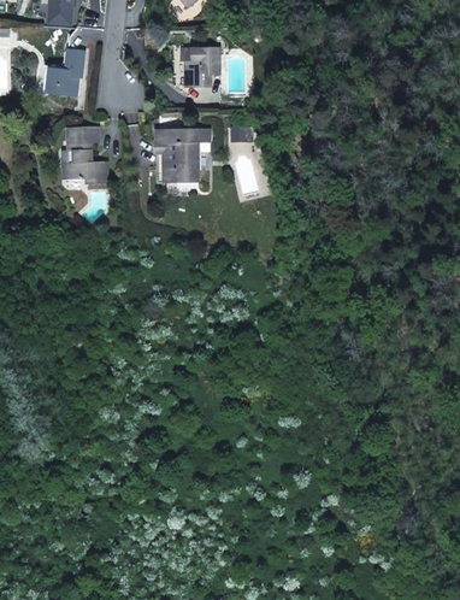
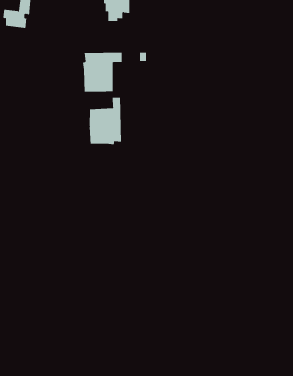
building: [64,125,107,183] -> none
building: none -> [89,97,122,145]

